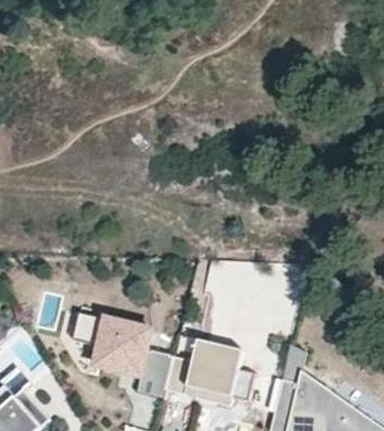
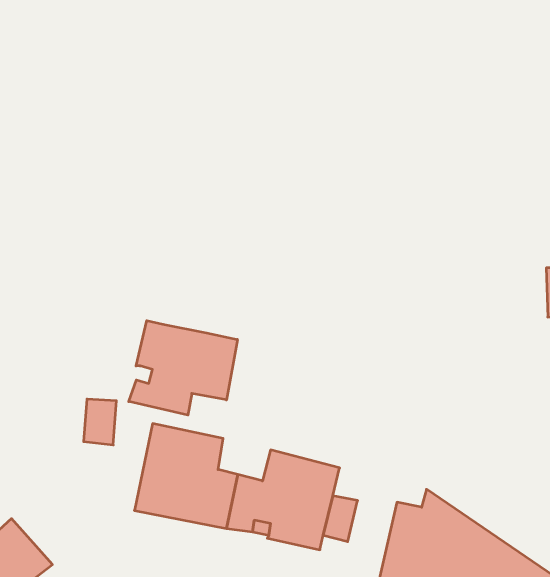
building: none -> [129,321,237,415]

